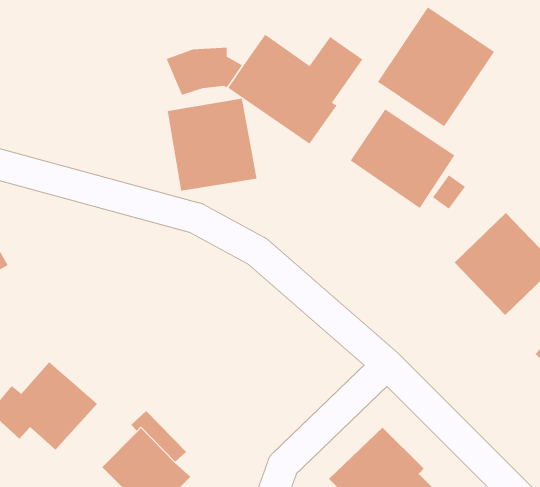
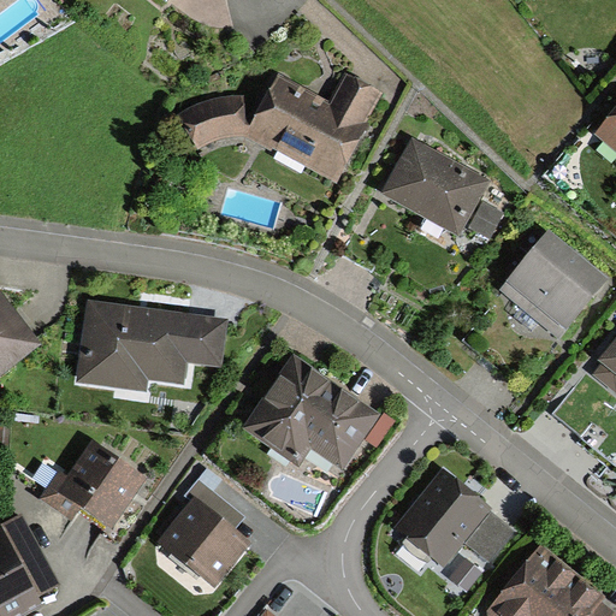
building: [377,6,495,127] -> none
building: [167,98,257,191] -> none
building: none -> [72,300,226,393]
building: none -> [241,355,380,473]

